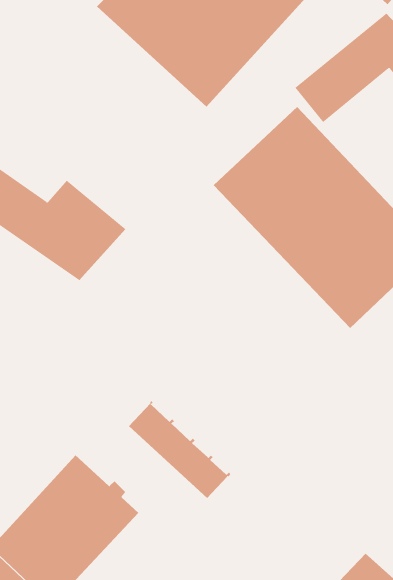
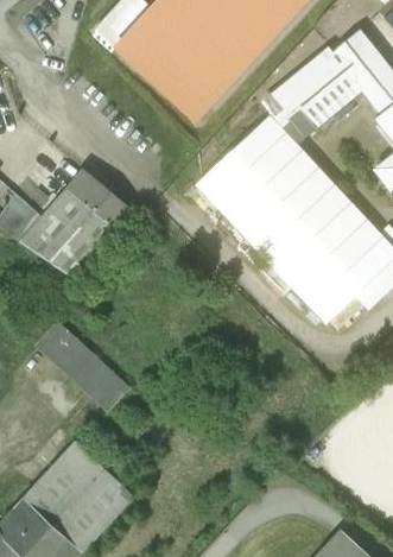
building: none -> [66,170,138,234]
building: [128,400,232,499] -> [37,319,132,410]

